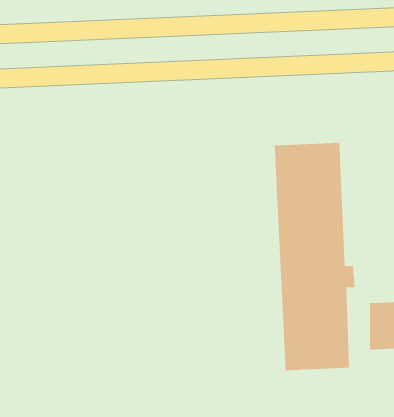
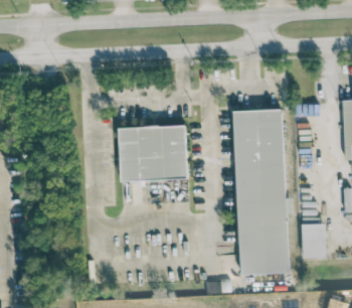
building: none -> [120,127,187,181]

